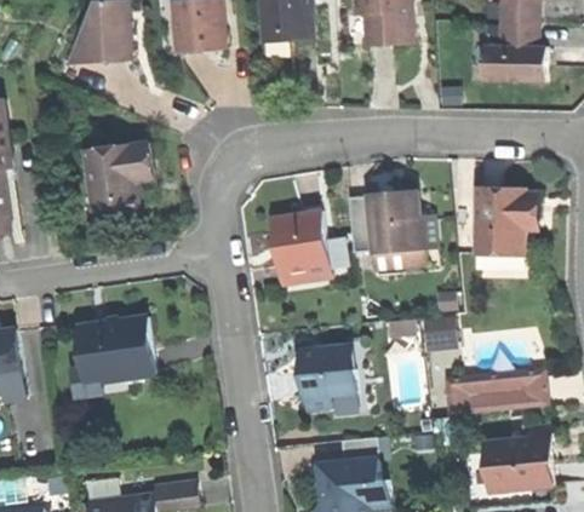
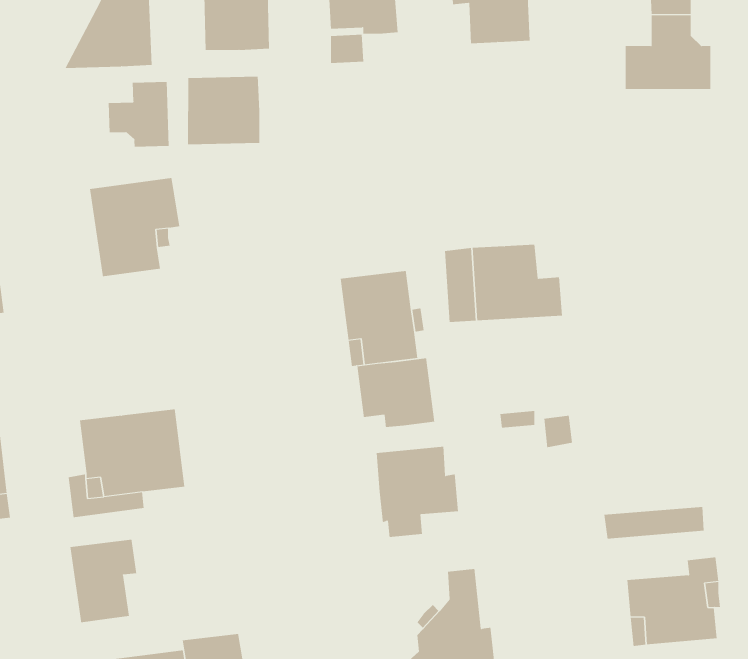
building: none -> [187,76,260,145]
building: none -> [108,81,169,147]
building: [476,189,532,252] -> none
building: none -> [357,357,435,428]
building: none -> [70,539,137,623]

